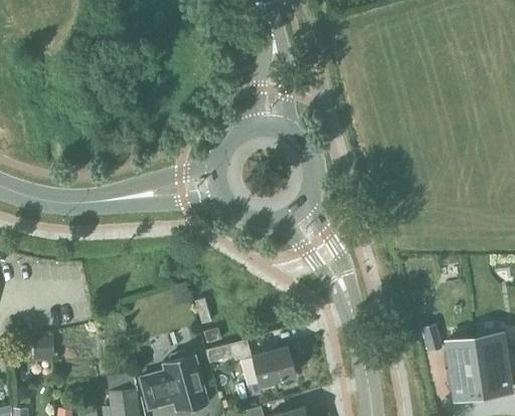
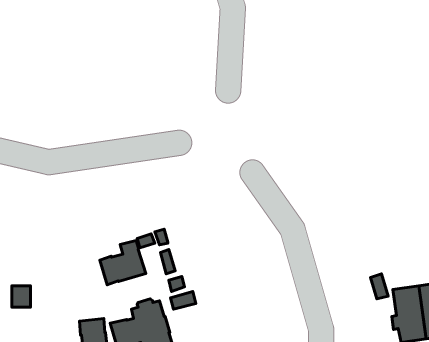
building: none -> [100,241,146,285]
building: [251,345,296,384] -> none

